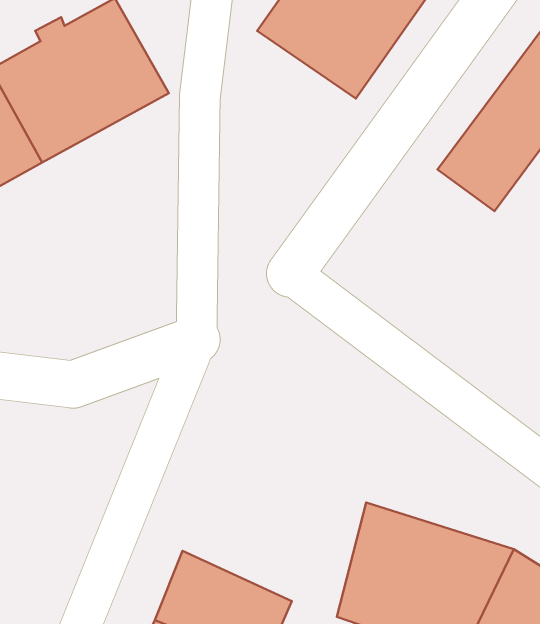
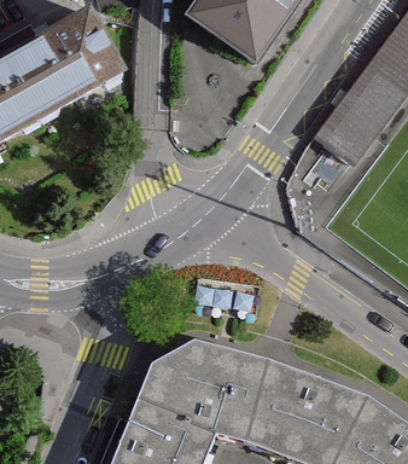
building: none -> [138,338,266,441]

